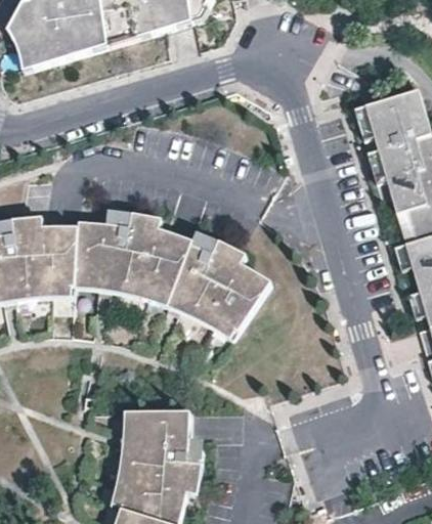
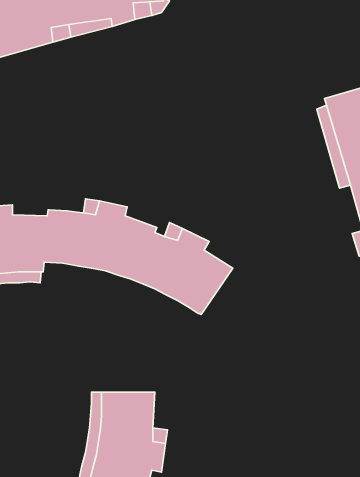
building: [75,275,236,338] -> none

